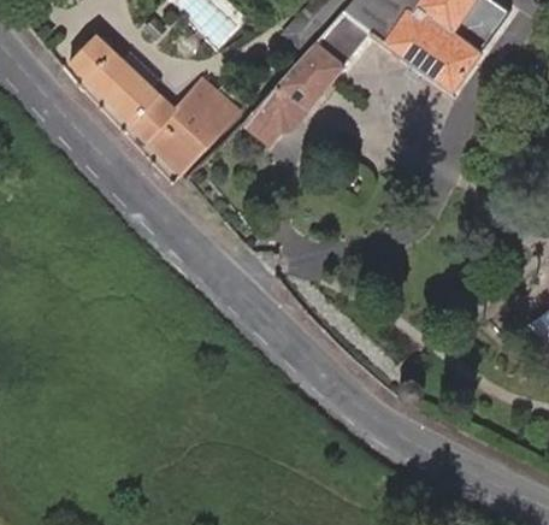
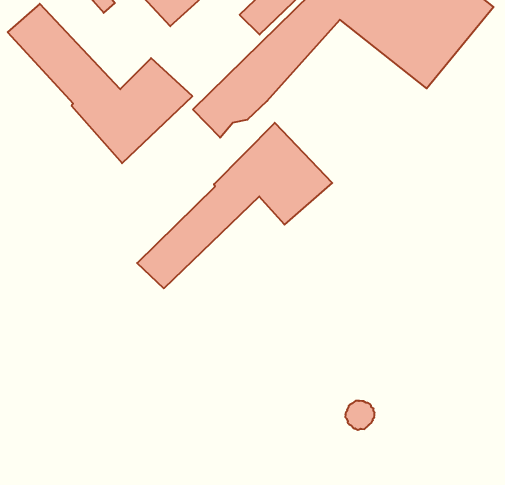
building: none -> [137,123,332,288]

